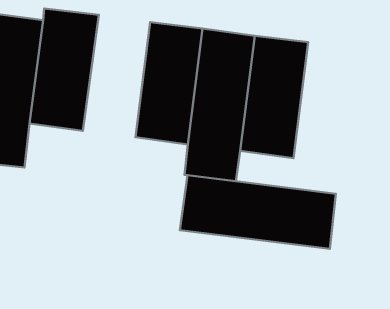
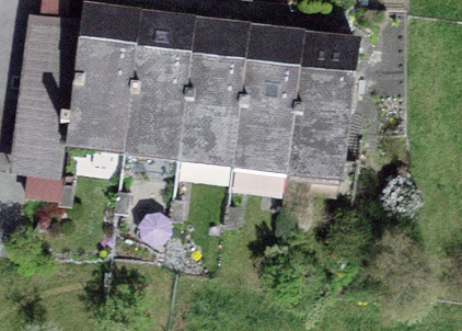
building: none -> [124,20,194,148]
building: [180,175,336,249] -> none

